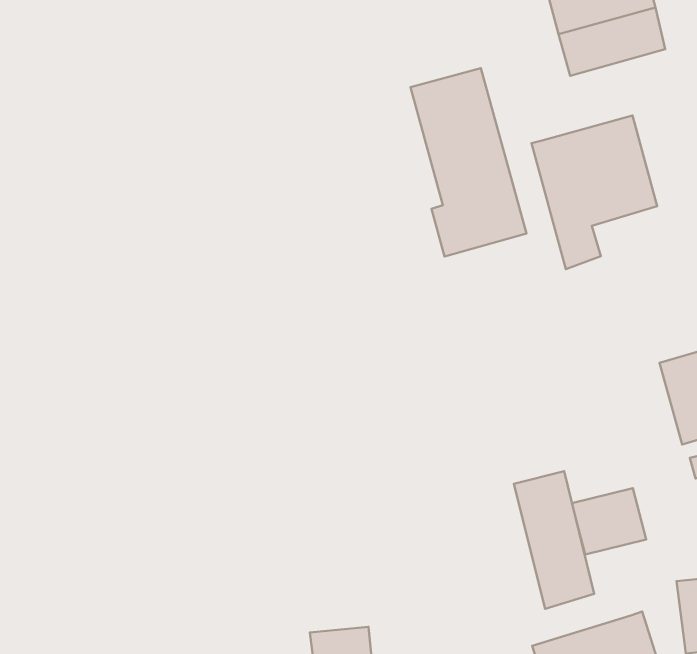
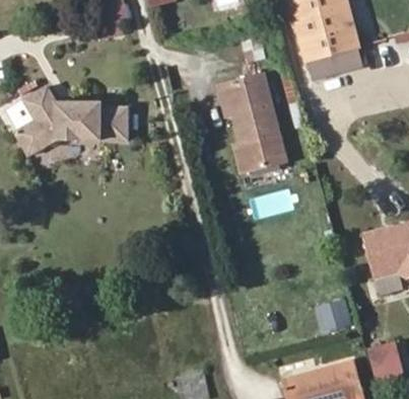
building: none -> [17,93,133,161]
building: [532,115,657,269] -> none
building: [514,471,594,609] -> none

